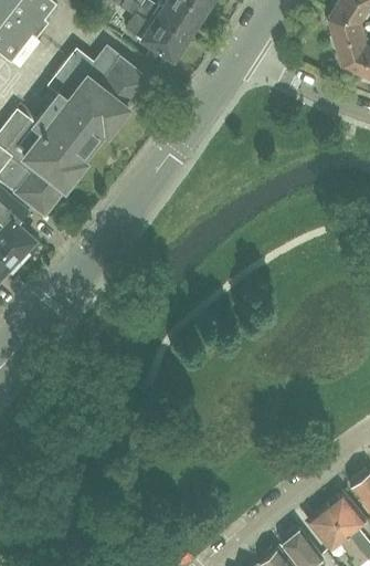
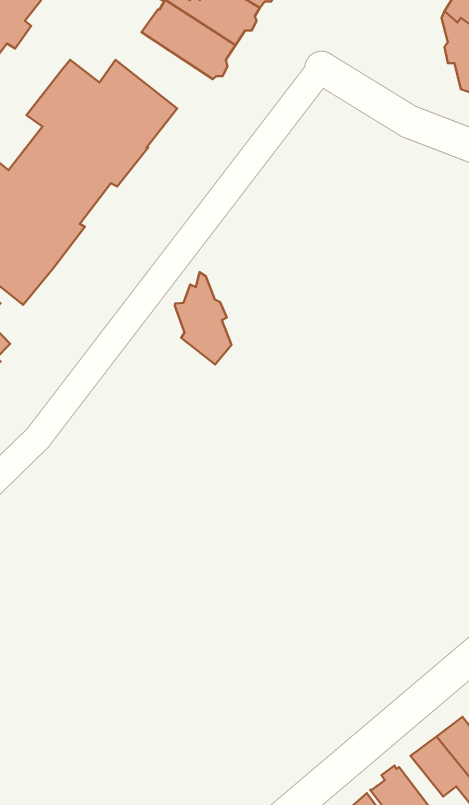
building: none -> [175,272,232,365]

